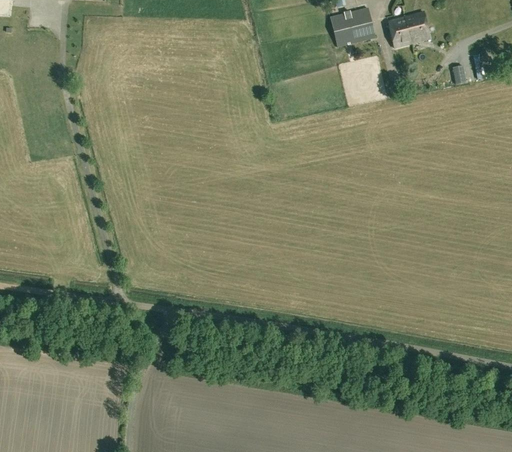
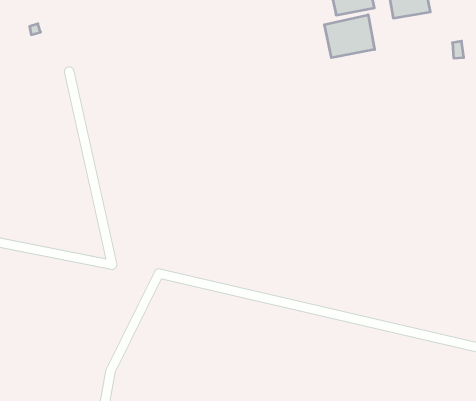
building: none -> [324,15,375,58]

